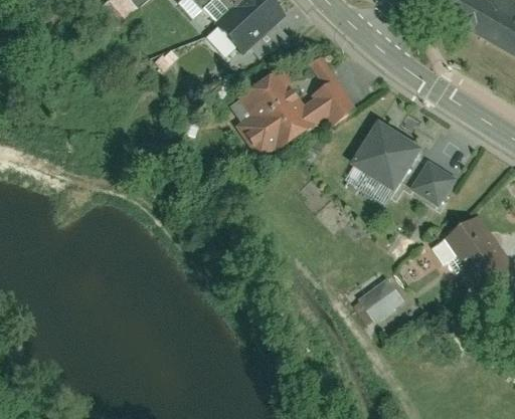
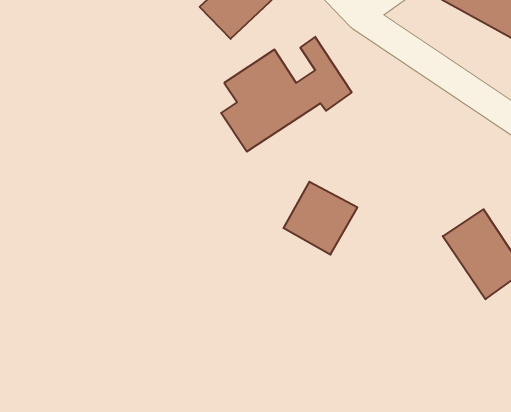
building: [352,123,421,191] -> [283,182,357,255]
building: [410,160,456,205] -> none
building: [361,280,403,321] -> none

